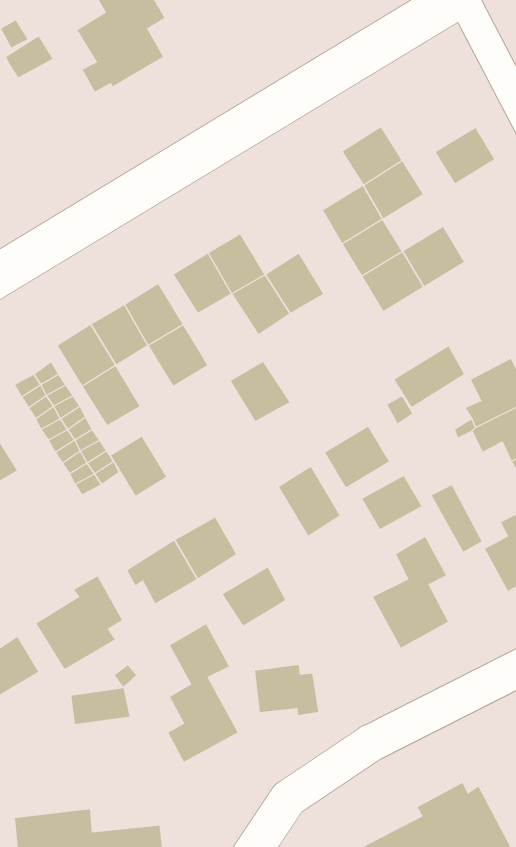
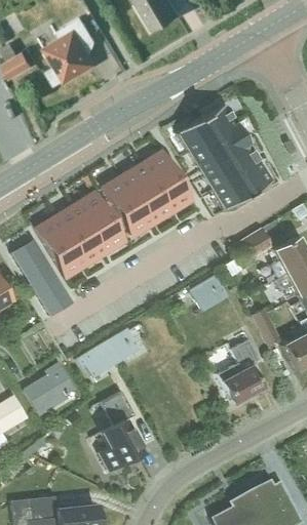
building: [435,127,495,184] -> [223,143,258,175]
building: none -> [176,118,212,152]
building: none -> [141,153,175,189]
building: [230,361,290,422] -> [116,200,151,235]
building: [110,436,167,496] -> [69,230,102,265]
building: [278,466,341,537] -> none
building: [362,475,422,530] -> none
building: [222,567,286,626] -> none
building: [255,664,319,716] -> none
building: [71,688,130,725] -> none

